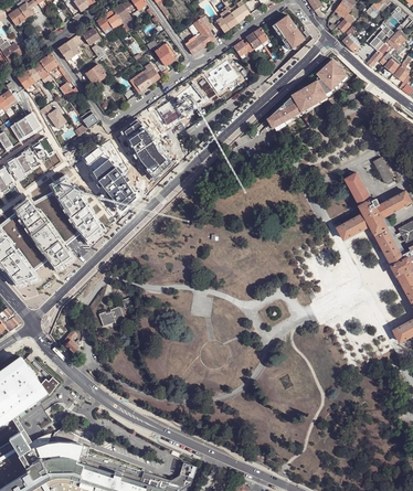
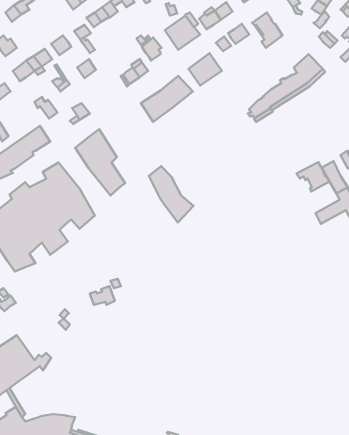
building: [9,113,42,142] -> none
building: [124,121,171,181] -> [149,166,194,223]
building: none -> [297,162,329,191]

